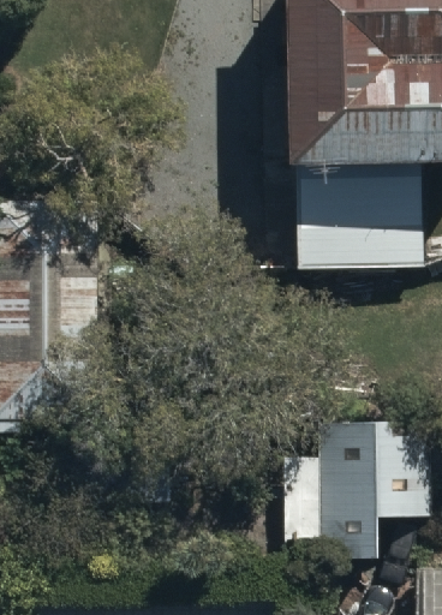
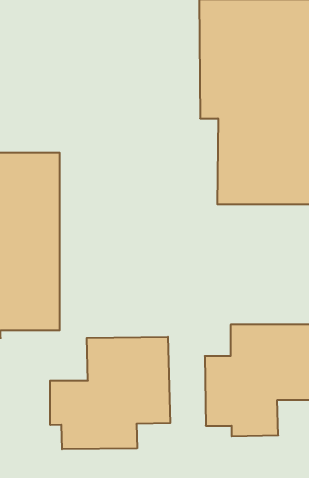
building: none -> [50,337,170,449]

